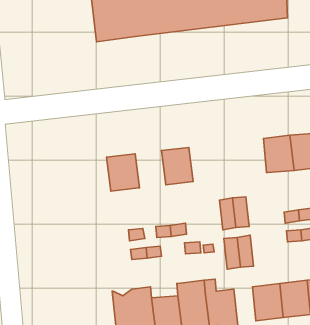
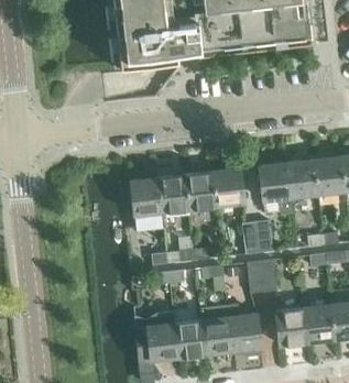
building: none -> [259,163,293,215]
building: none -> [211,168,243,206]
building: none -> [157,175,188,212]

